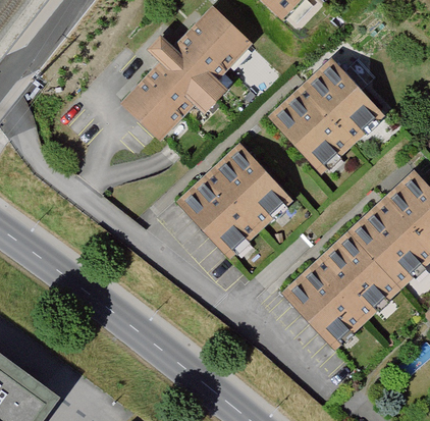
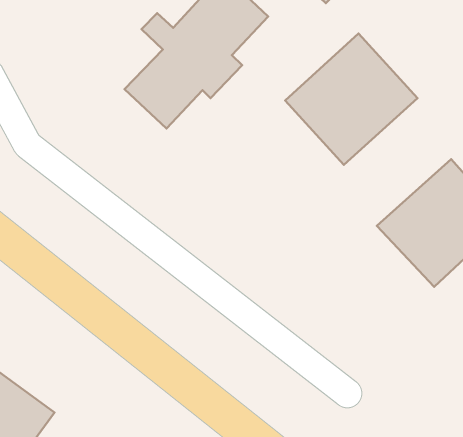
building: [178,150,288,259] -> none
building: [281,229,401,348] -> none

